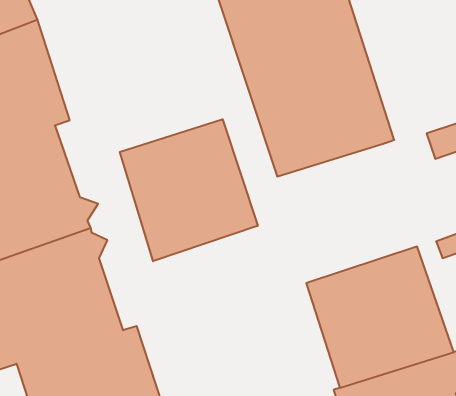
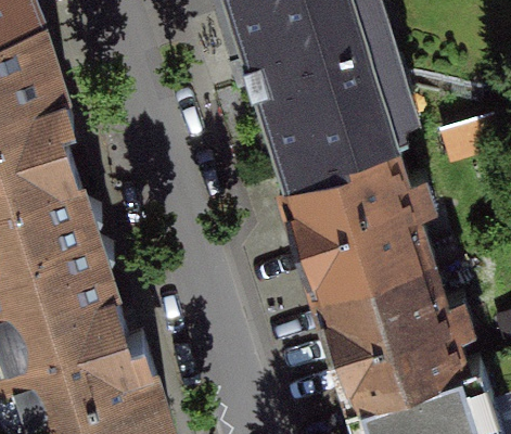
building: [120,119,258,261] -> none
building: none -> [284,150,434,295]

